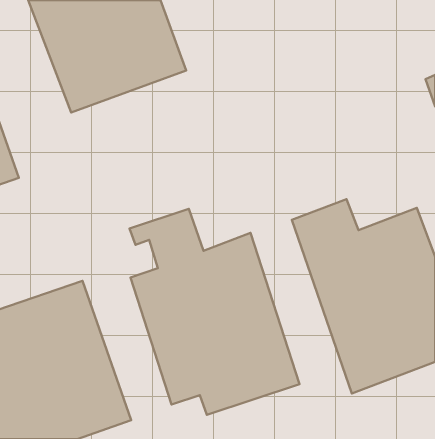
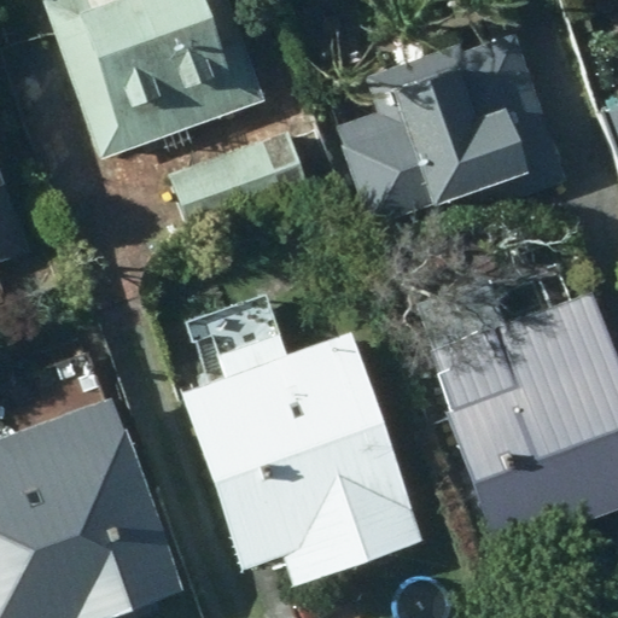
building: none -> [334,34,566,226]
building: none -> [167,133,308,237]

